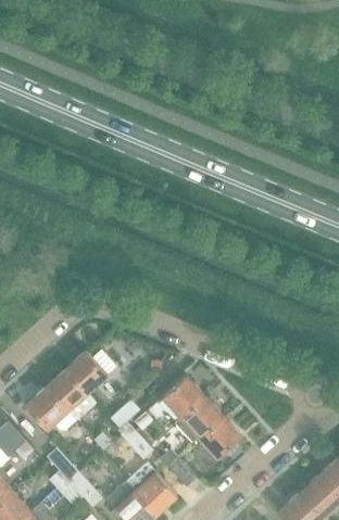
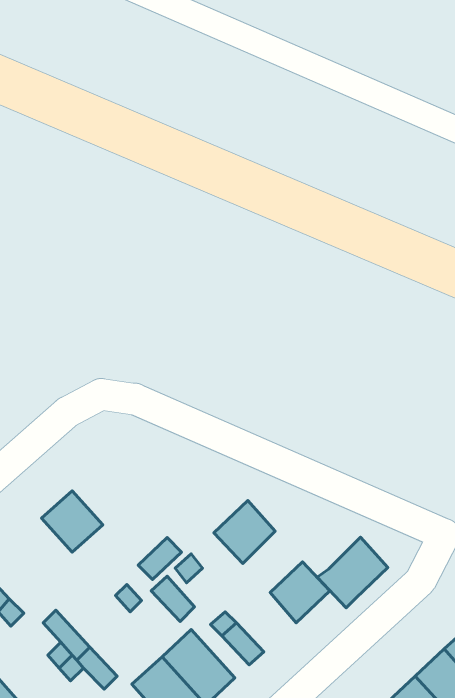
building: [66,351,106,392] -> none
building: [25,388,76,430] -> none
building: [174,396,222,444] -> [317,537,388,608]

